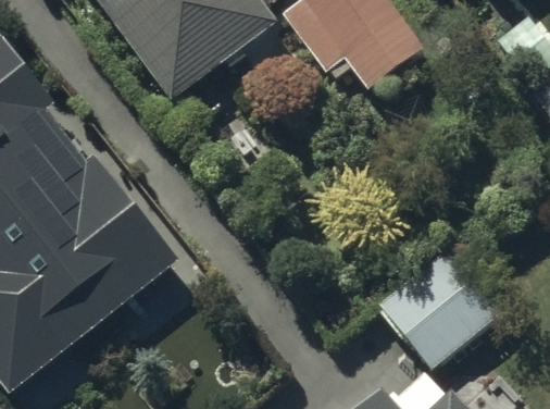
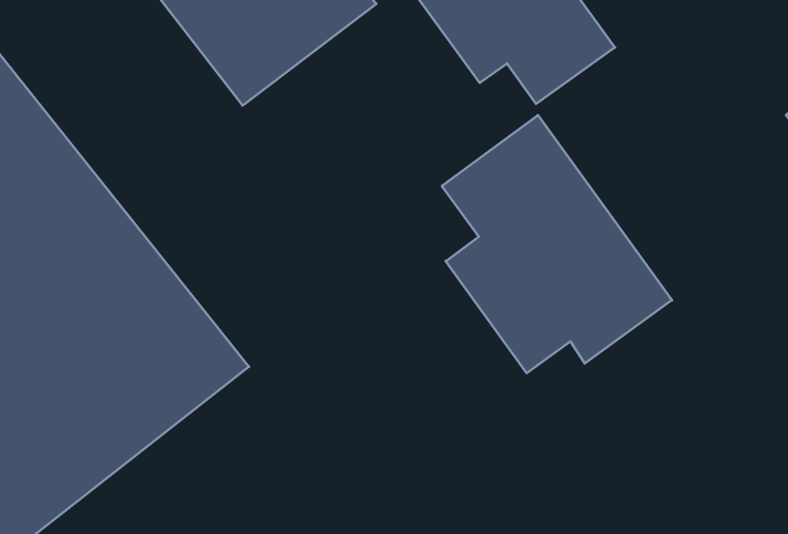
building: none -> [442,115,672,373]
building: [377,246,497,364] -> none

